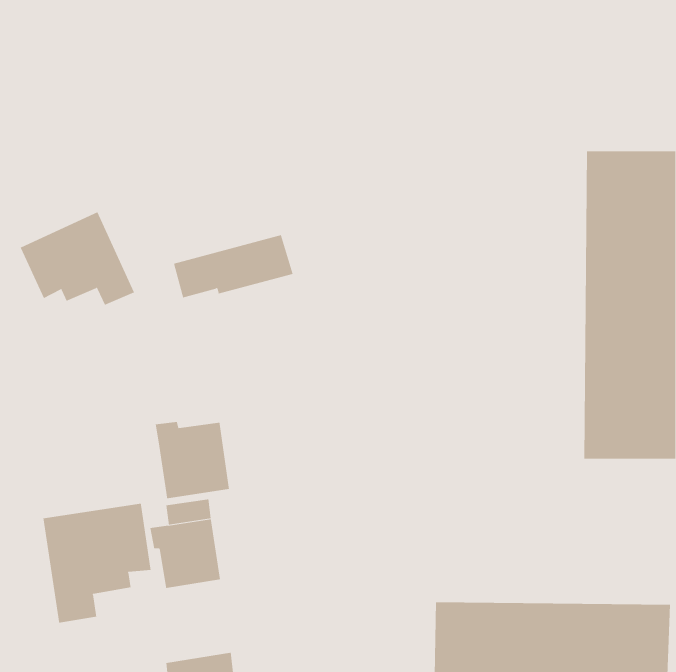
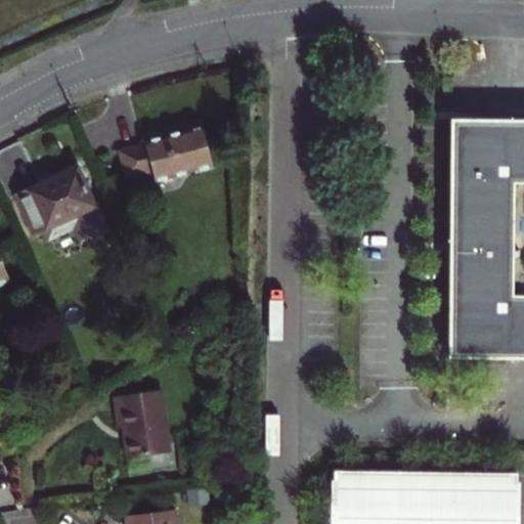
building: [173,235,293,298] -> [119,128,212,177]
building: [155,421,229,499] -> none
building: [43,503,151,624] -> none

